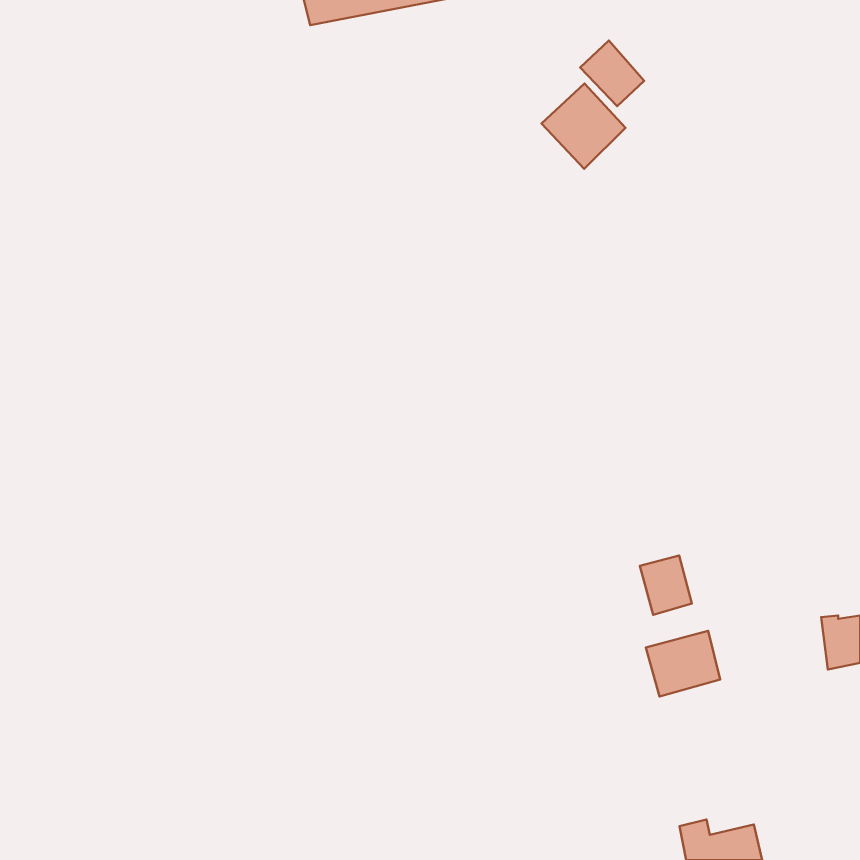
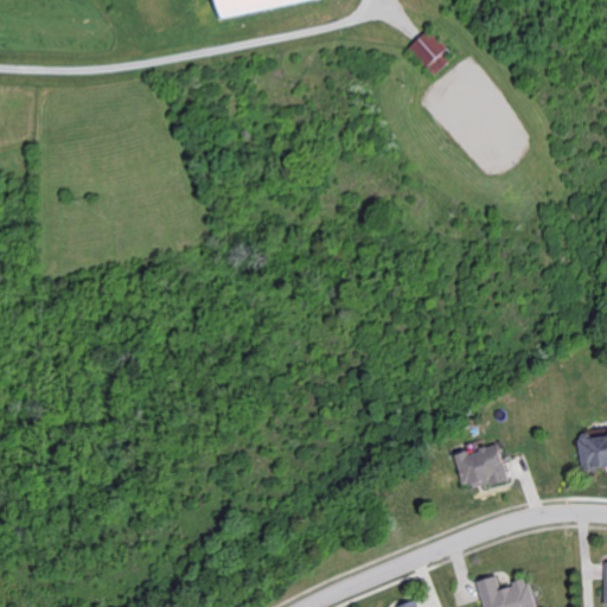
building: [542,83,626,169] -> none
building: [640,555,692,615] -> none

